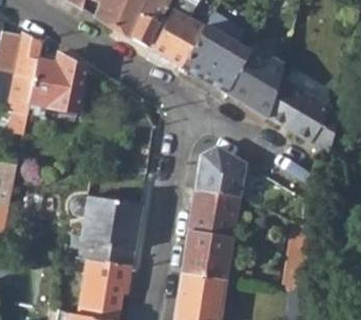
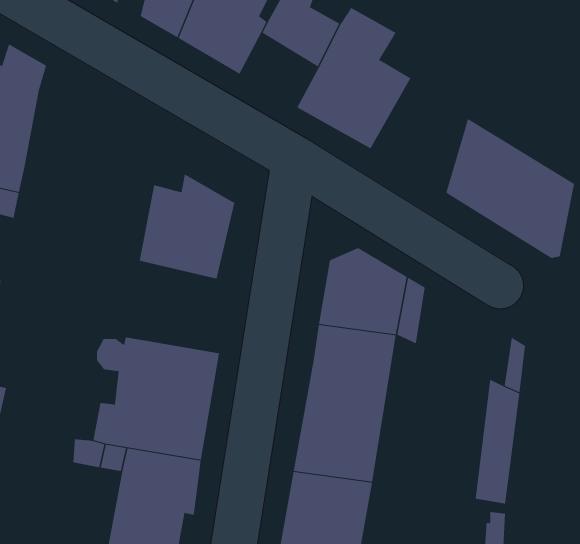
building: [152,25,196,67] -> none
building: [226,47,282,115] -> none
building: [31,51,85,111] -> [139,174,235,279]

